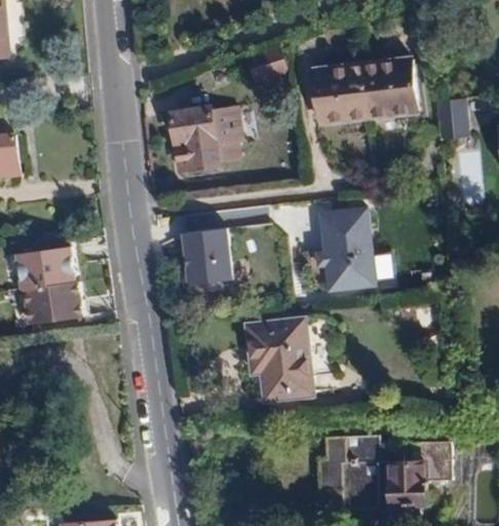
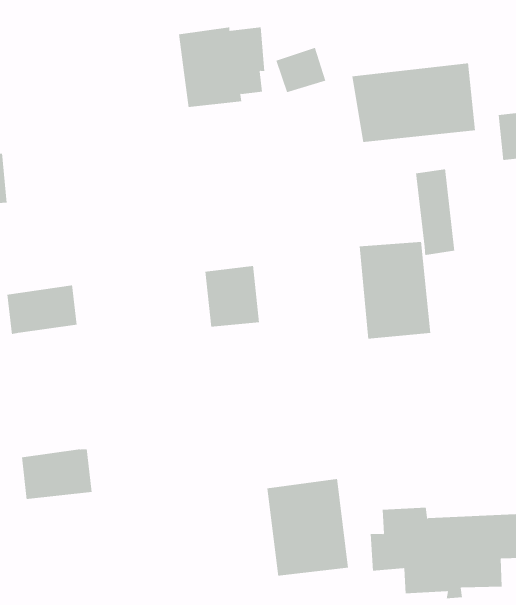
building: [166,107,240,176] -> [178,27,265,108]
building: none -> [416,168,455,256]
building: [27,279,87,323] -> [21,449,92,500]
building: [245,318,315,402] -> [267,478,349,576]

